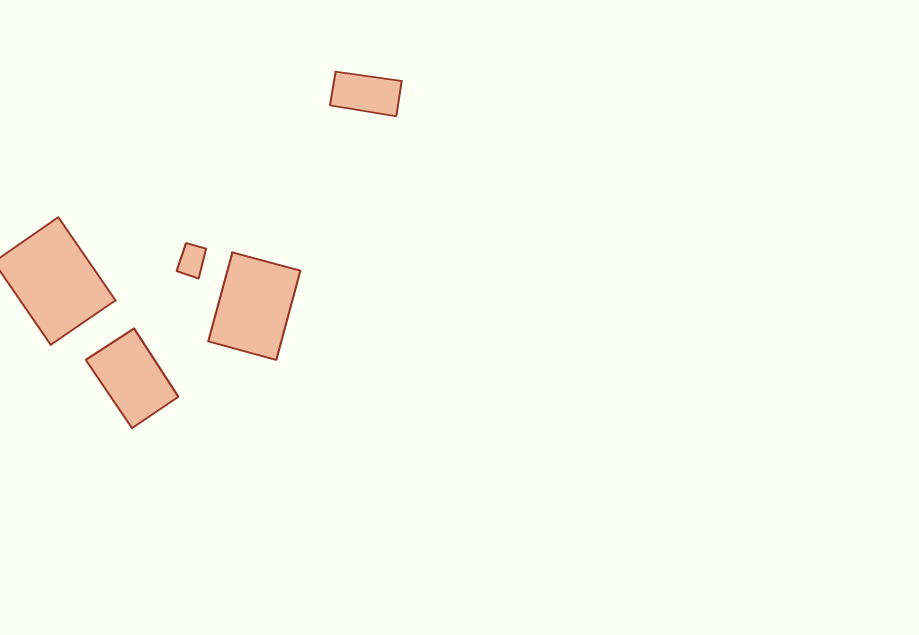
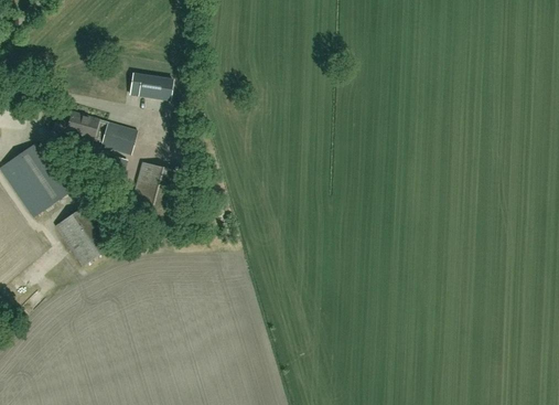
building: [330,72,402,116] -> [129,73,172,99]
building: none -> [53,111,137,153]

